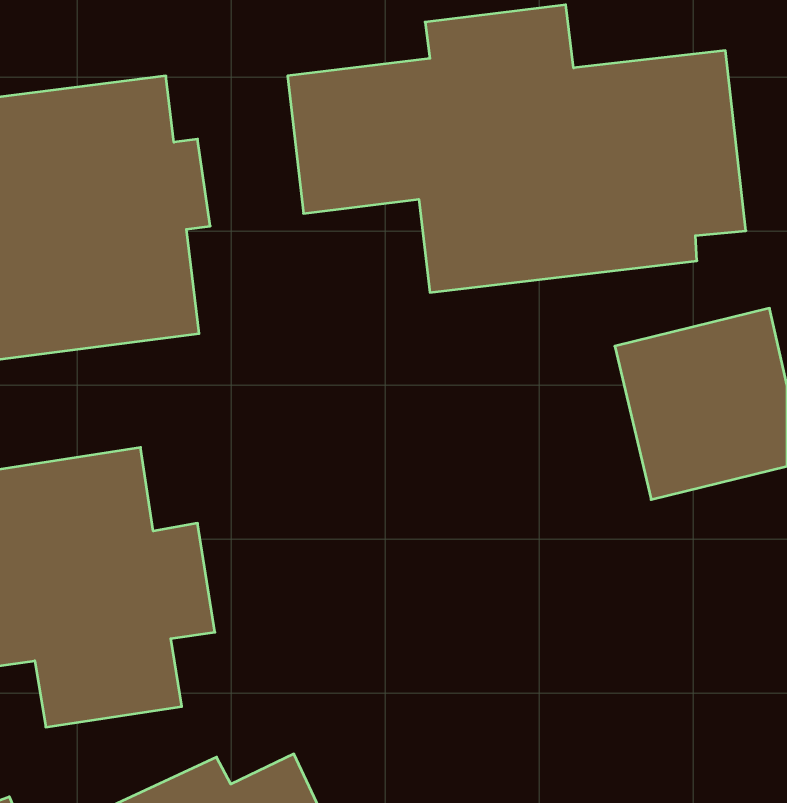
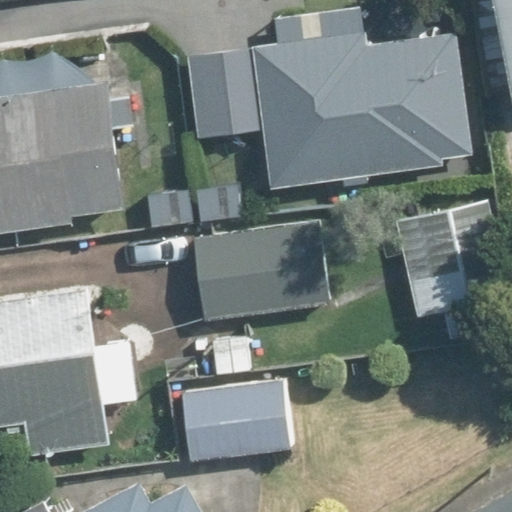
building: none -> [192,223,331,319]
building: none -> [172,382,287,462]

